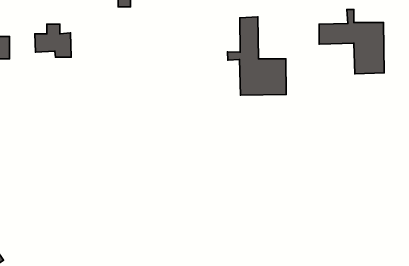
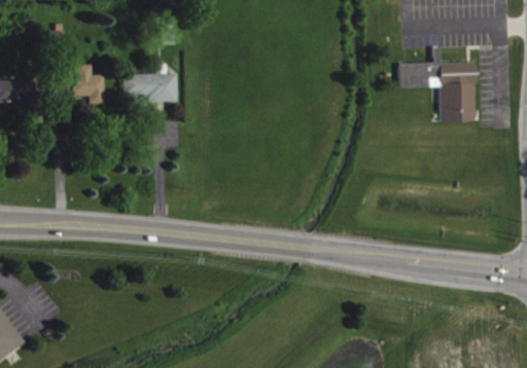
building: [227,17,286,95] -> none
building: none -> [121,64,176,101]

